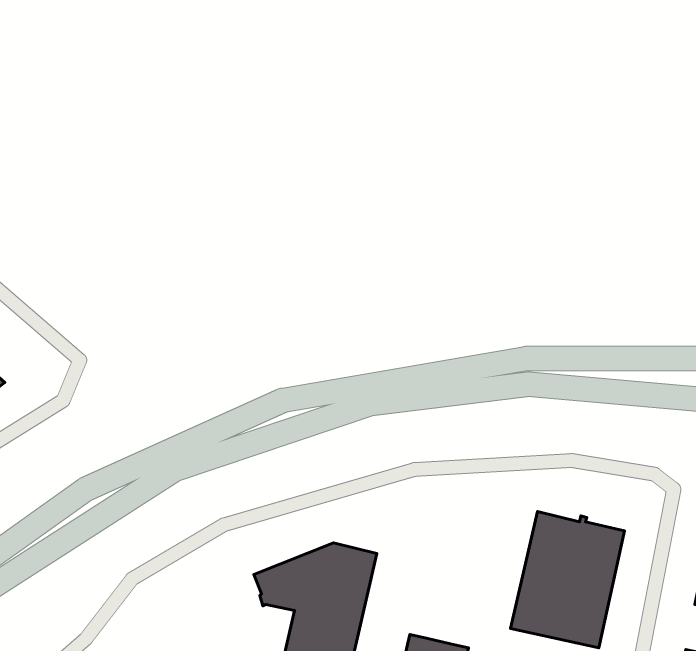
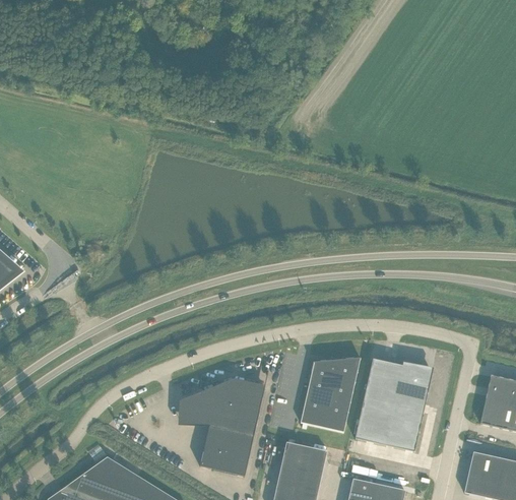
building: none -> [300,356,361,432]

